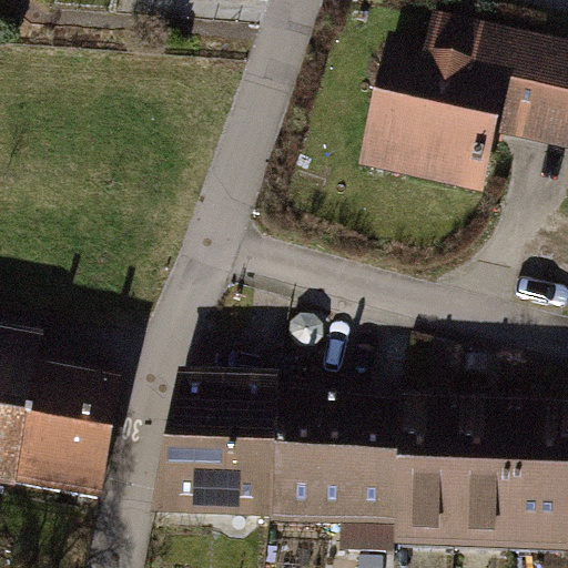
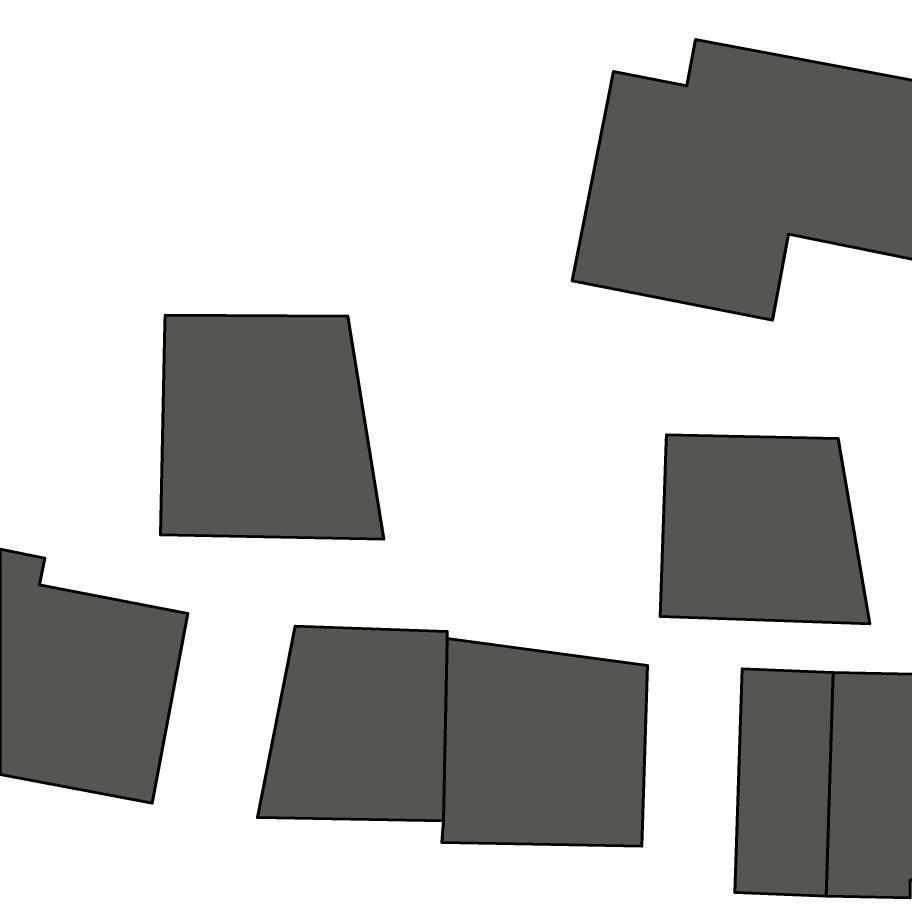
building: none -> [161,315,384,539]
building: none -> [660,435,870,624]
building: [398,413,462,554] -> none

